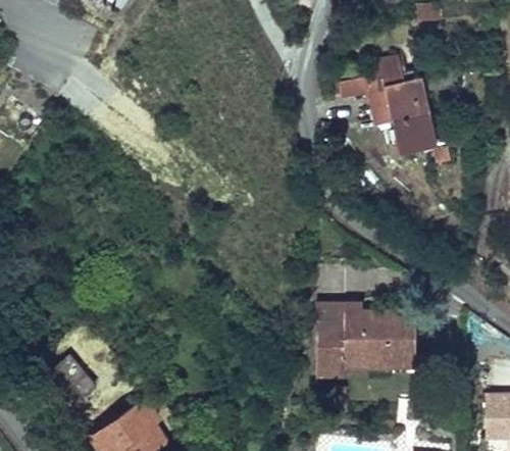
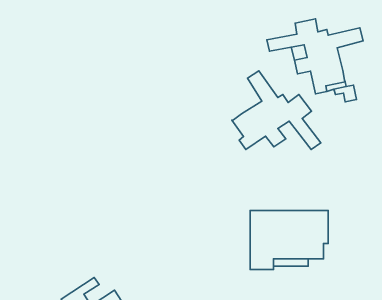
building: none -> [232,71,321,149]
building: [50,360,95,406] -> none

